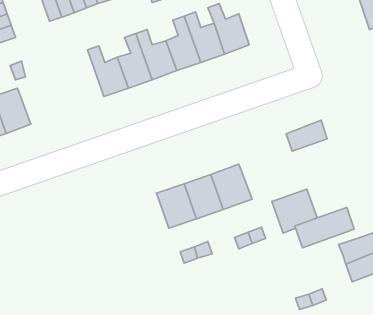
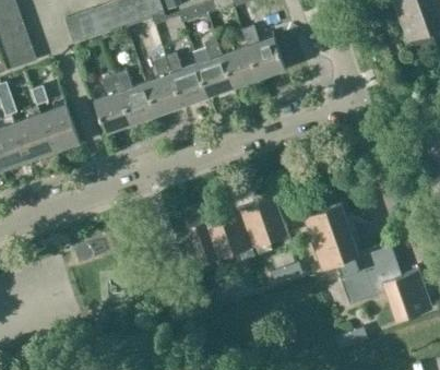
building: none -> [93,74,131,133]
building: none -> [39,105,80,153]
building: [286,120,327,151] -> [302,202,346,235]
building: none -> [342,264,400,305]

